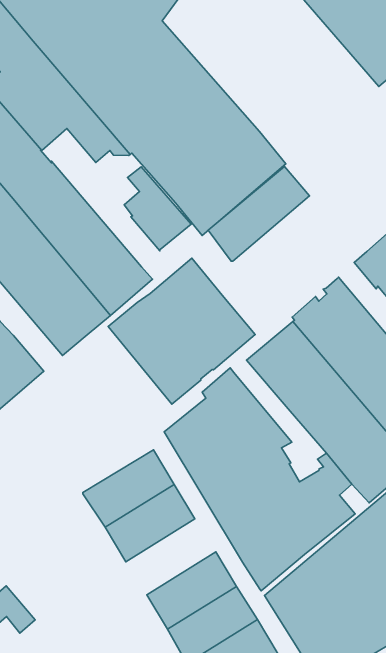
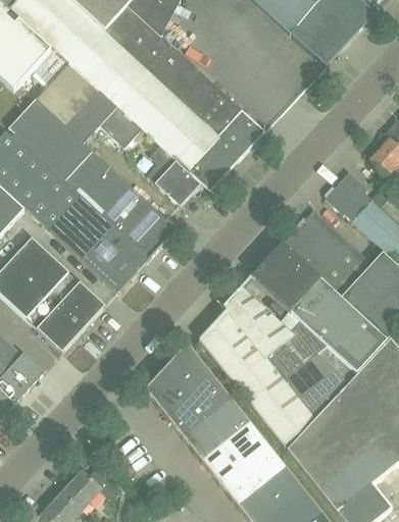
building: [208,167,310,261] -> none
building: [108,258,255,404] -> none
building: none -> [183,399,248,459]

